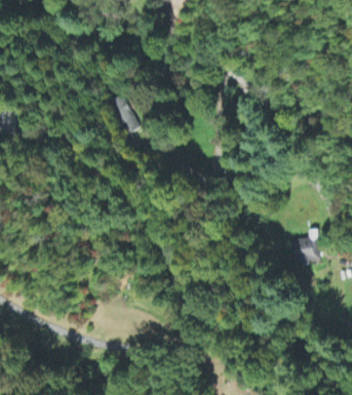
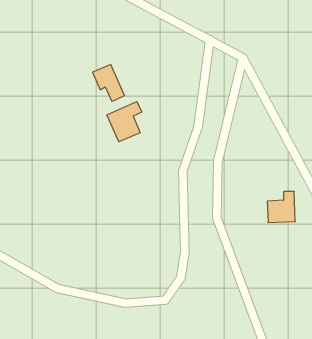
building: none -> [107,102,142,142]

